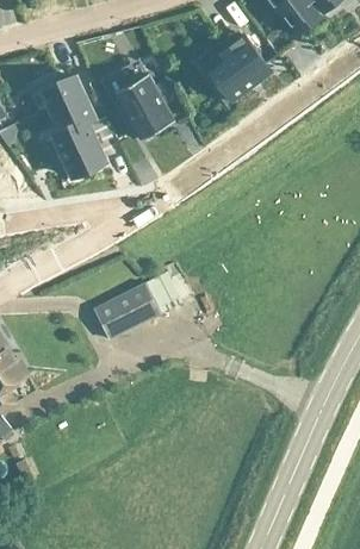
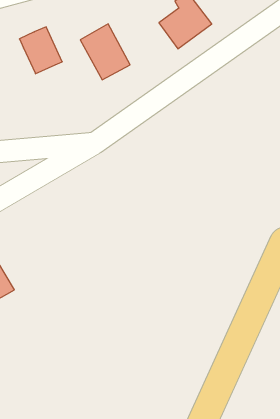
building: [54,120,105,175] -> none
building: [94,282,161,338] -> none

